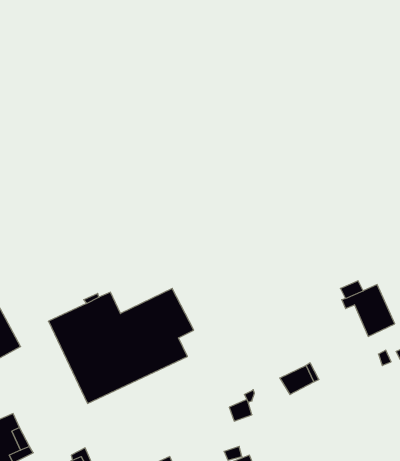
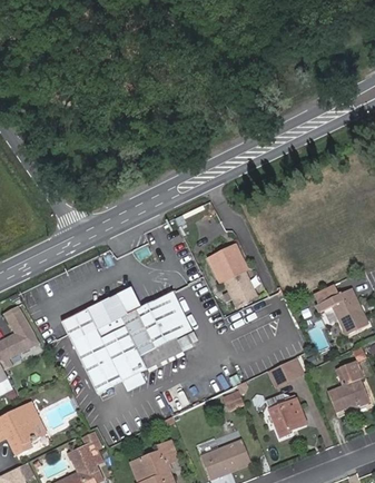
building: none -> [206,241,259,308]
building: none -> [328,361,368,411]
building: none -> [269,395,306,436]

